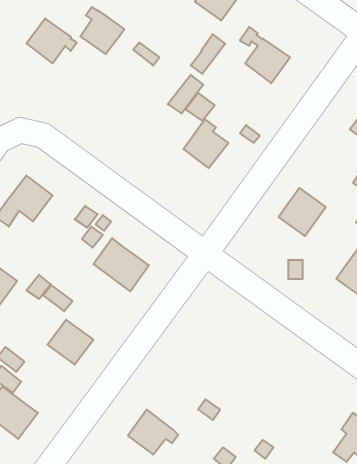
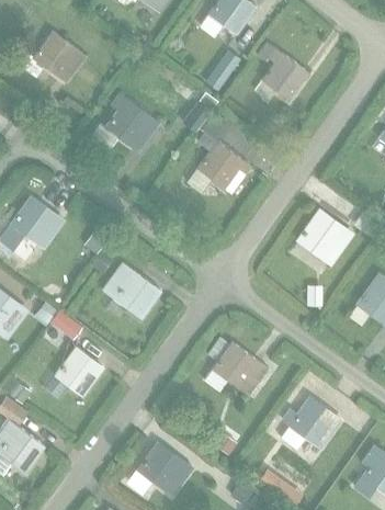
building: [80,7,124,54] -> [106,98,152,147]
building: none -> [207,338,269,389]
building: none -> [282,399,338,451]

